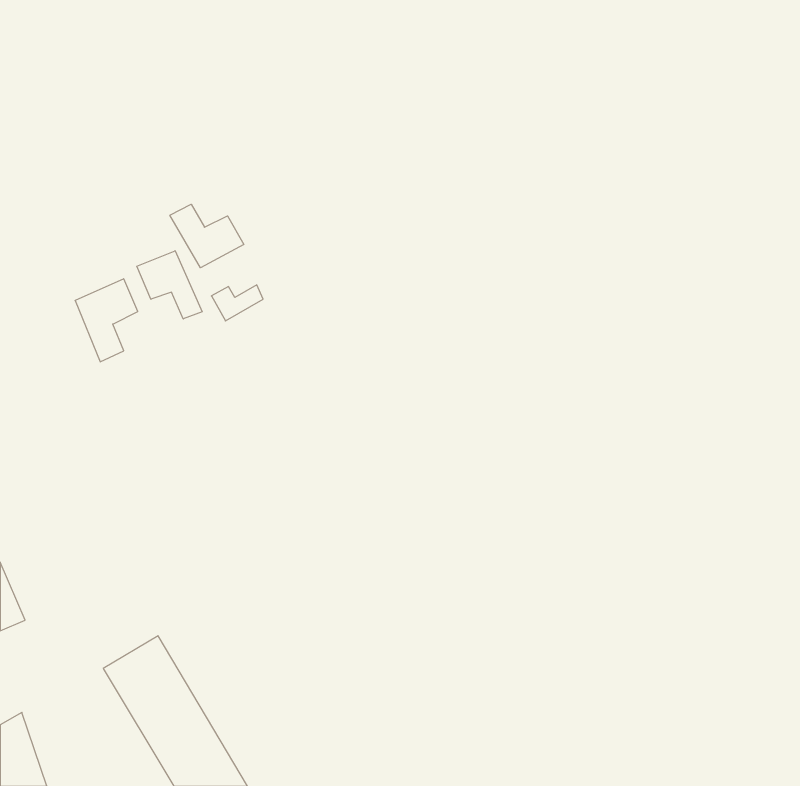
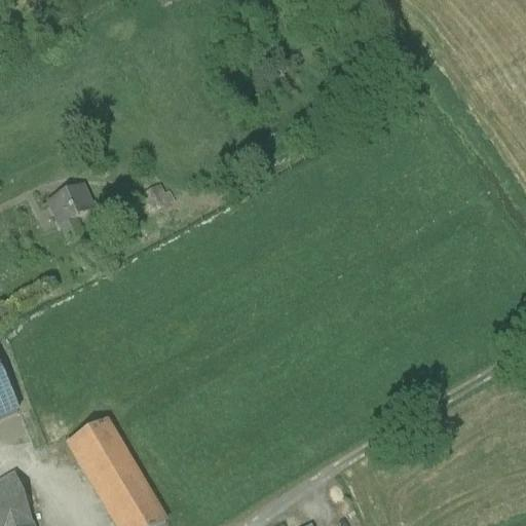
building: [170,204,244,268] -> none
building: [137,251,202,319] -> none

